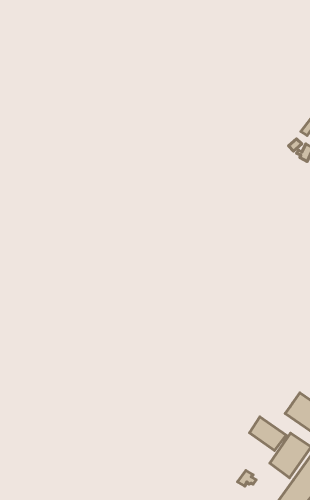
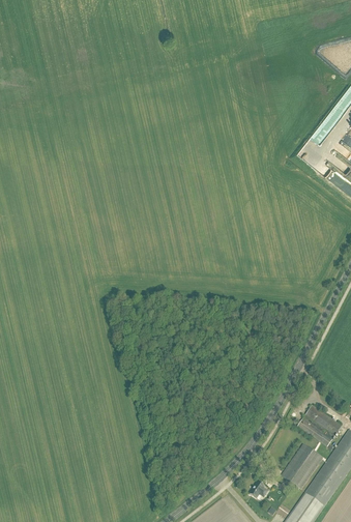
building: [249,417,286,451] -> none

